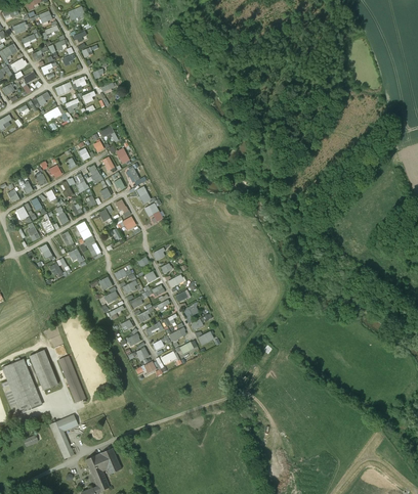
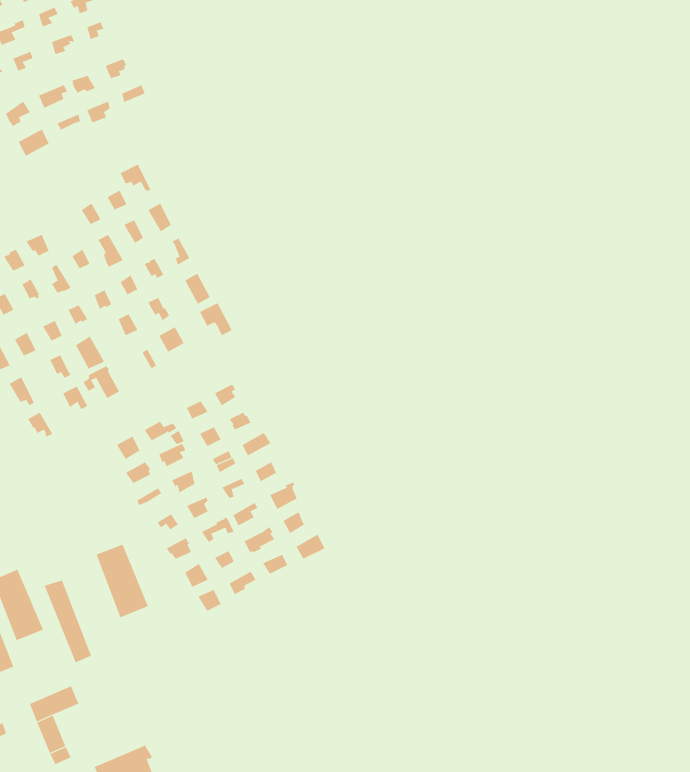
building: none -> [96,544,149,618]

